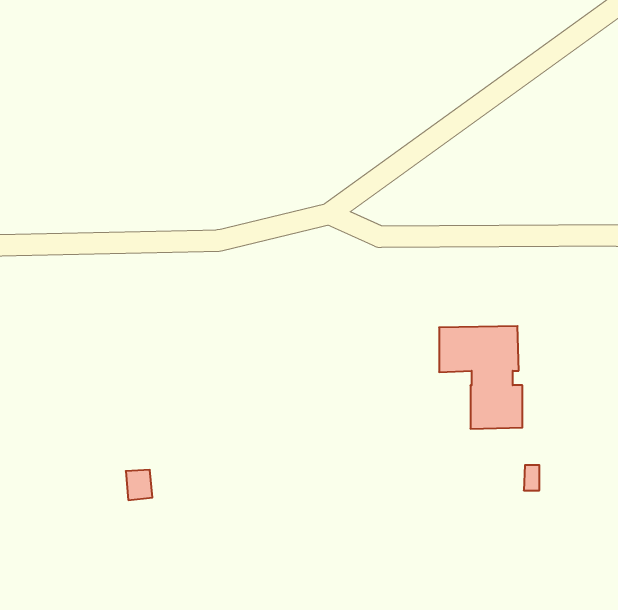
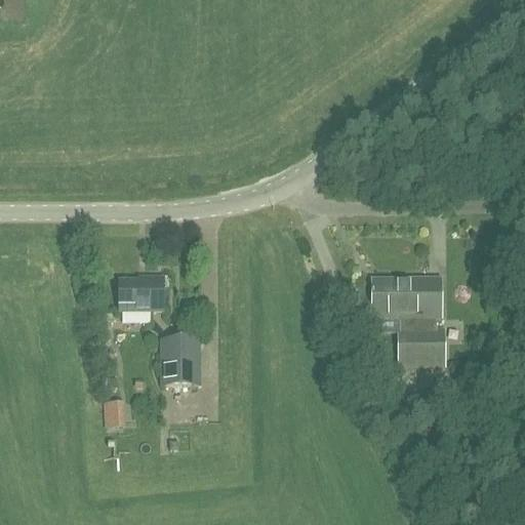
building: none -> [119,276,162,309]
building: none -> [162,336,198,383]

